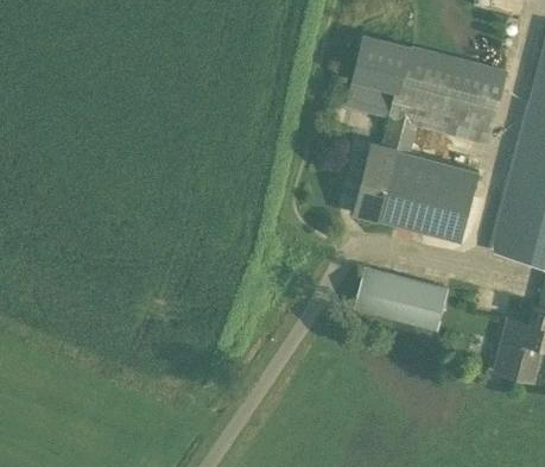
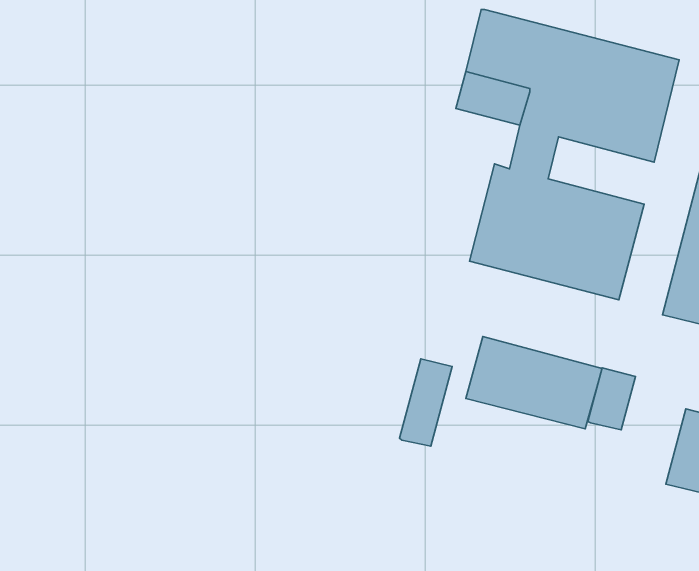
building: none -> [400,359,452,446]
building: none -> [588,368,635,430]

